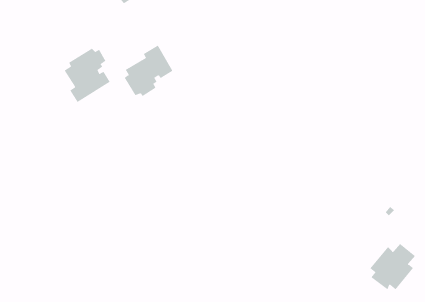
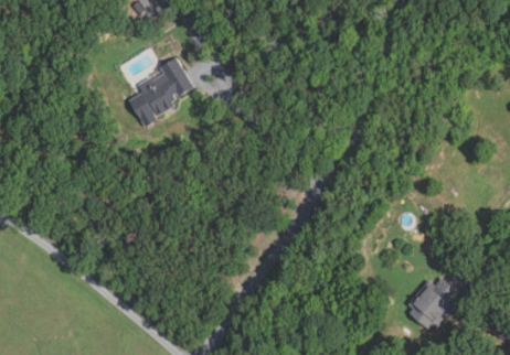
building: [64,48,110,103] -> none

